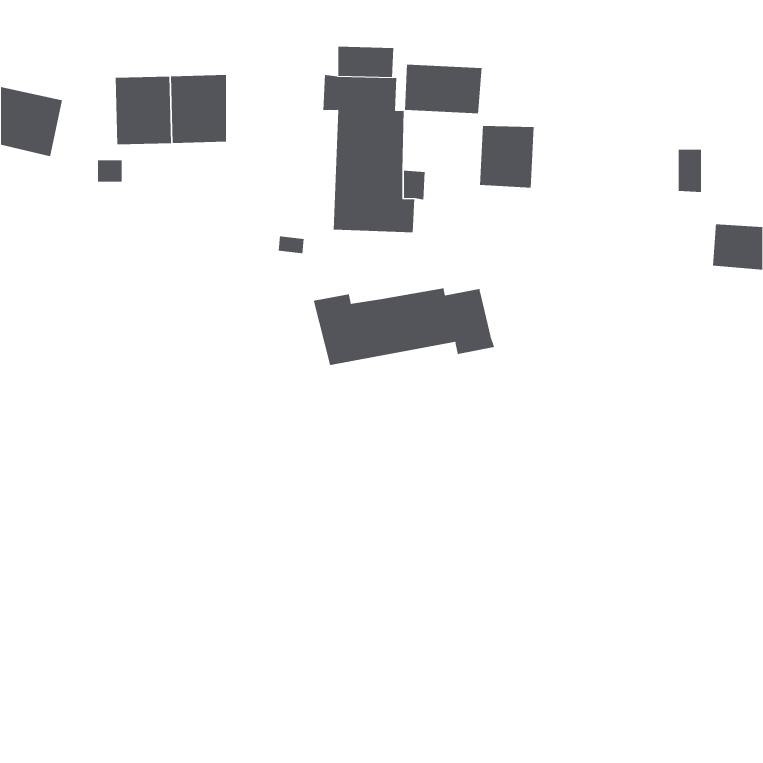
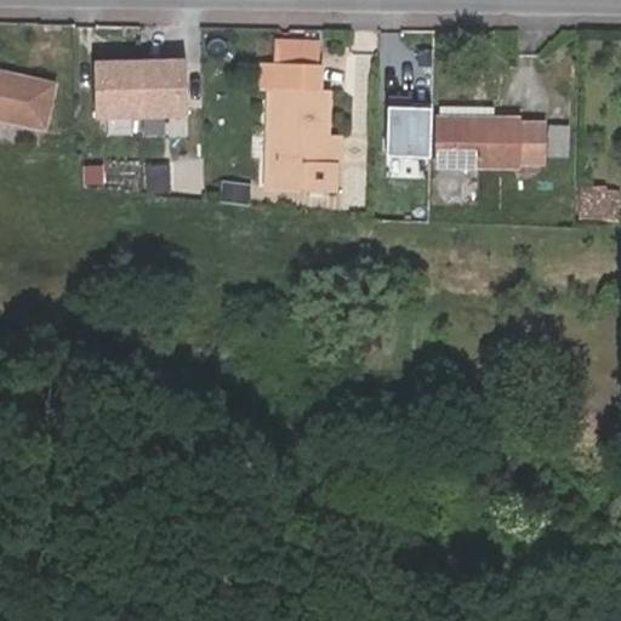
building: [405,64,482,114] -> none
building: none -> [437,119,541,165]
building: [313,287,495,366] -> none

